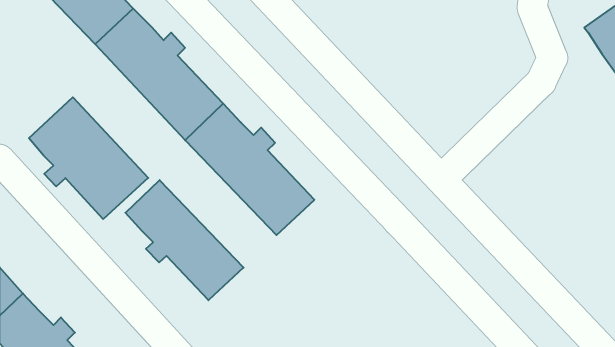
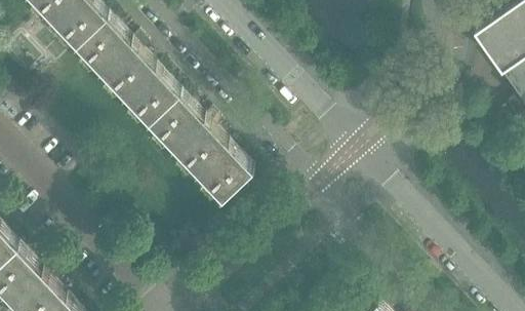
building: [29,97,148,219] -> none
building: [125,180,244,300] -> none

